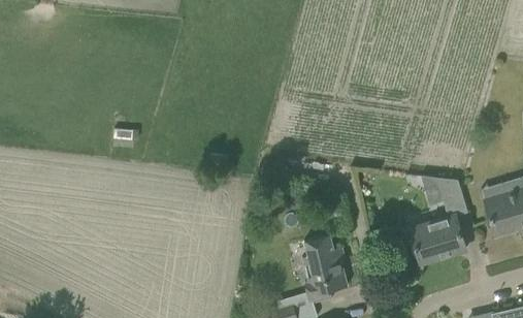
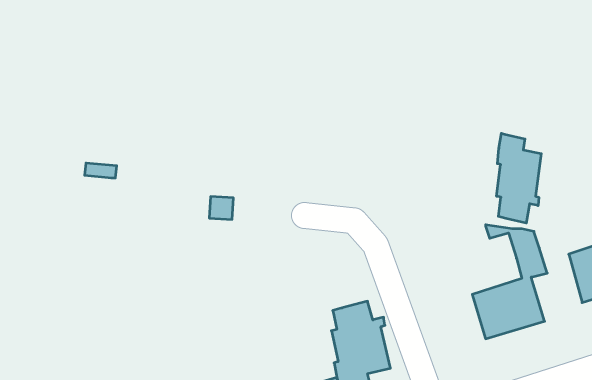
building: none -> [497,133,541,223]

